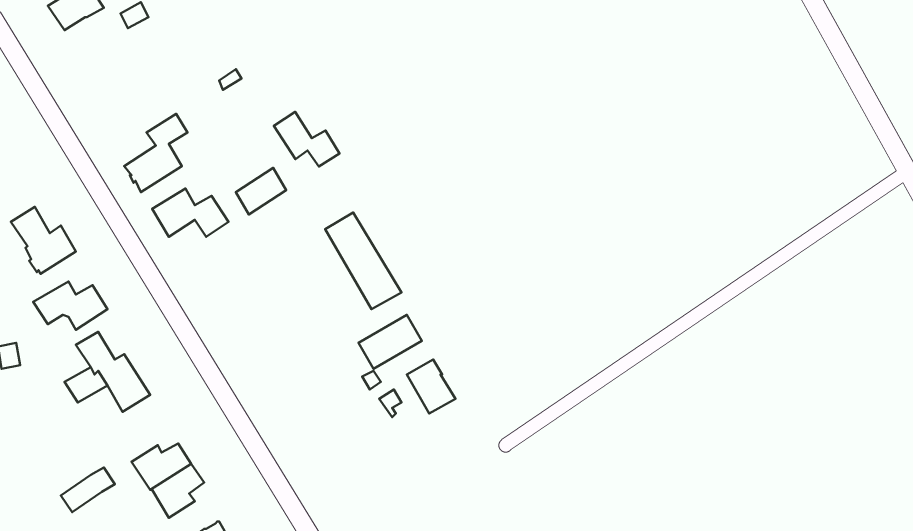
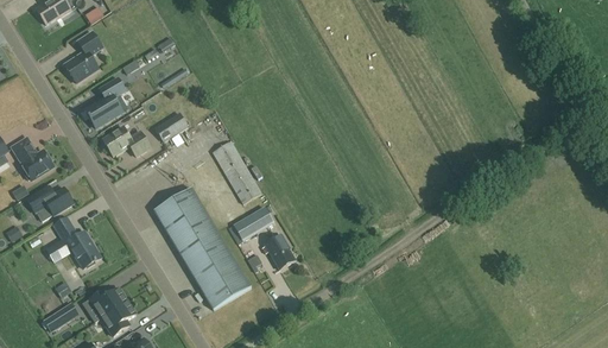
building: none -> [64,31,104,81]
building: [274,112,340,166] -> none
building: none -> [154,186,251,309]

